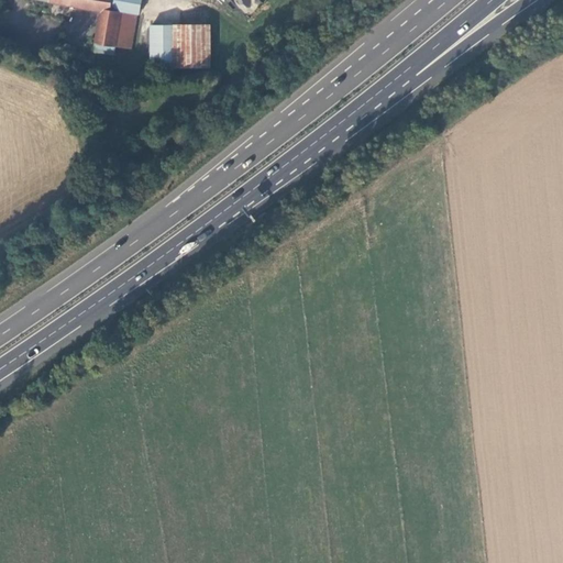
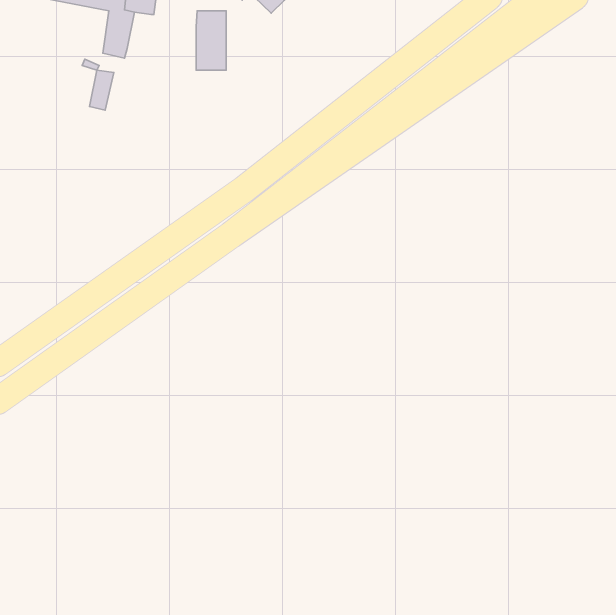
building: [115,11,137,47] -> [90,70,114,110]
building: [153,23,178,64] -> none

